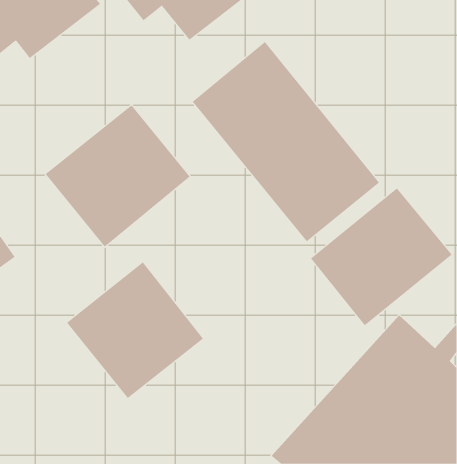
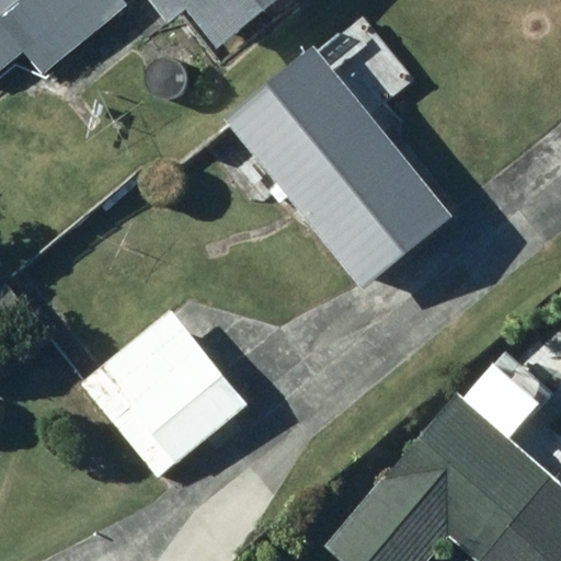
building: [45,104,191,247] -> none
building: [310,188,453,326] -> none

